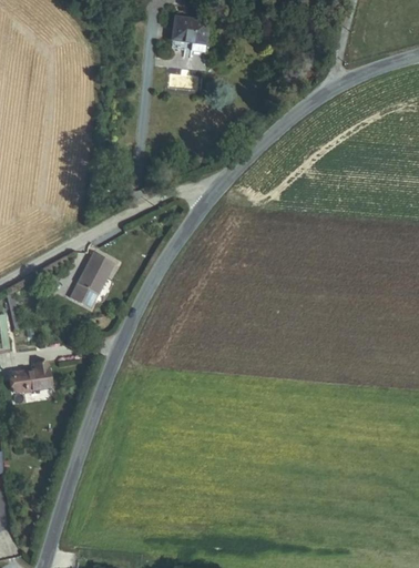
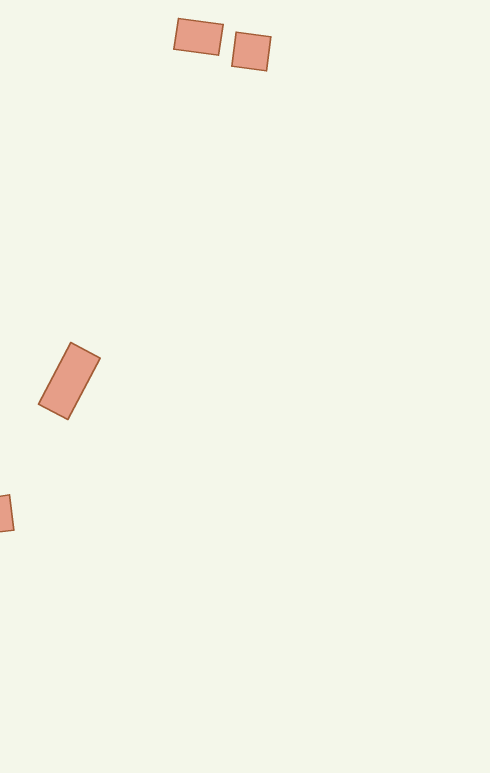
building: none -> [232,32,271,71]

